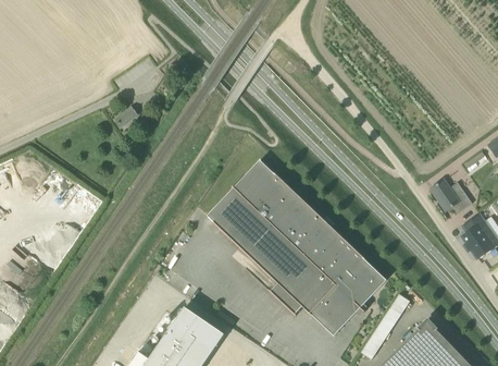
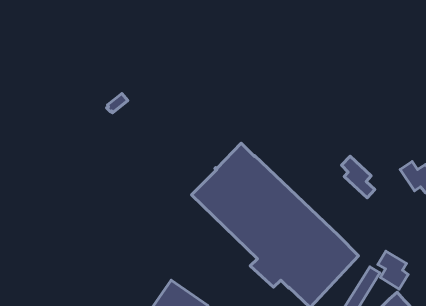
building: none -> [342,156,375,198]
building: none -> [378,251,408,289]

